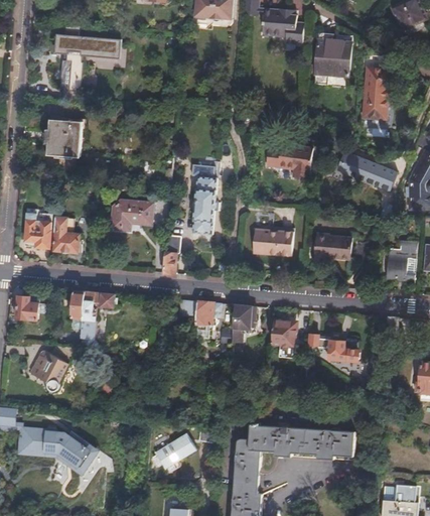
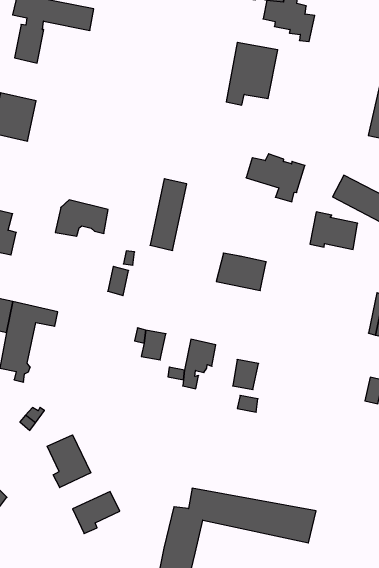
building: [314,32,351,84] -> [226,42,278,105]
building: [311,233,348,261] -> [310,212,358,249]
building: [310,334,360,362] -> none
building: none -> [47,435,91,488]

